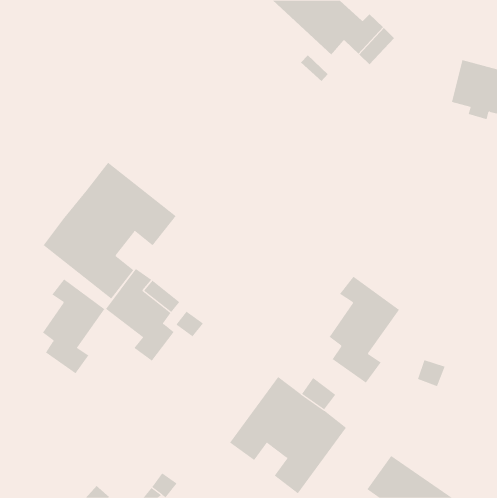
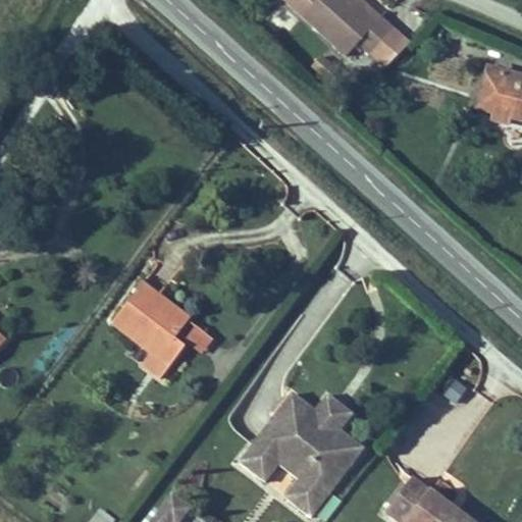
building: [43,162,177,300] -> none
building: [329,276,400,383] -> none
building: [42,279,105,374] -> none

